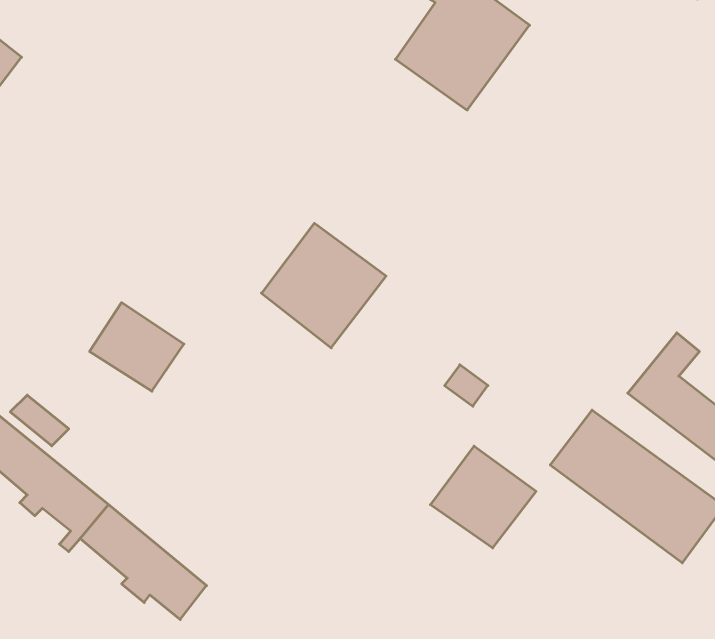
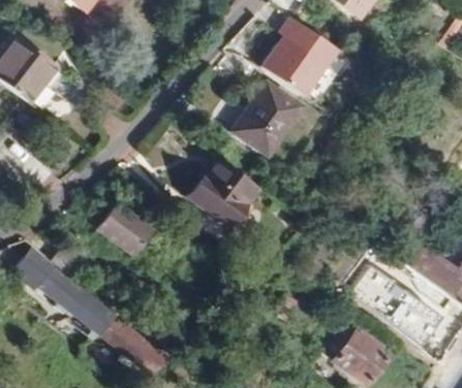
building: none -> [232,84,300,155]
building: [430,446,536,548] -> [331,323,389,379]

